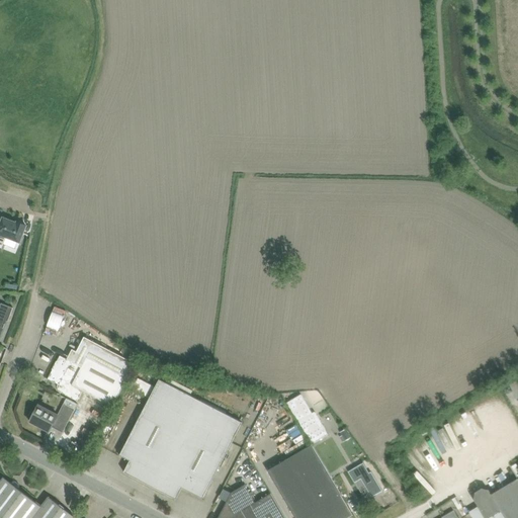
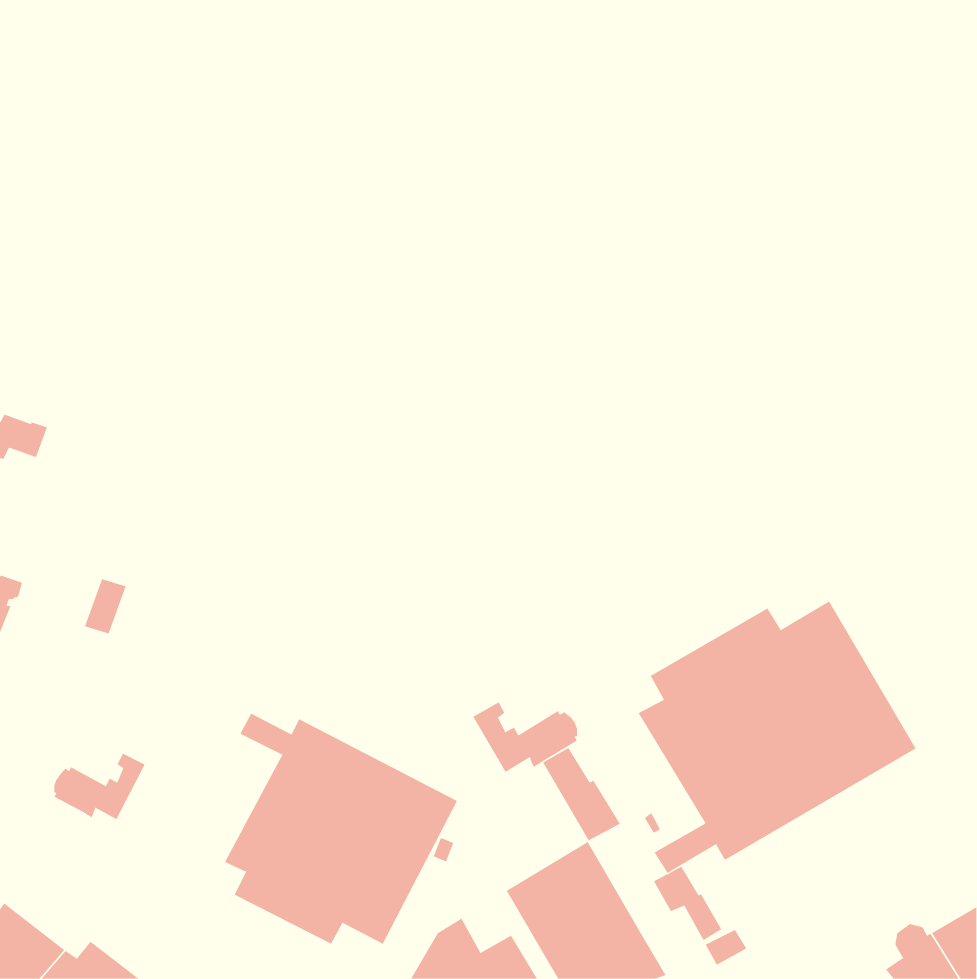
building: none -> [638,601,916,874]
building: [47,337,135,407] -> none
building: none -> [473,701,578,773]

